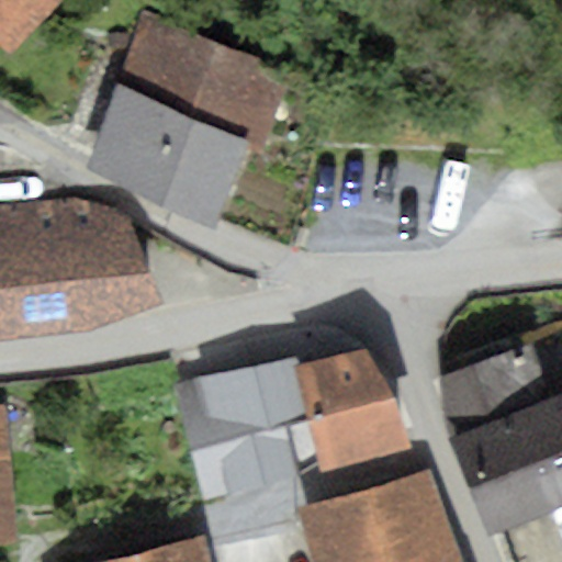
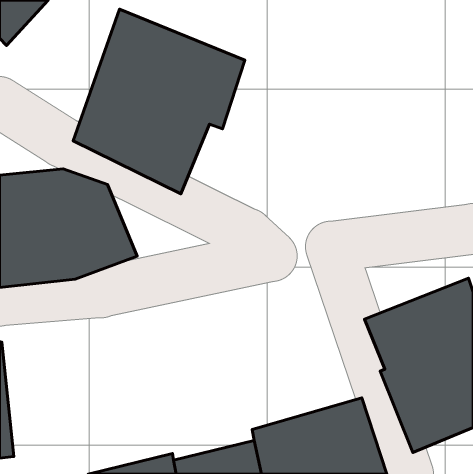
building: [173,348,409,499] -> none

